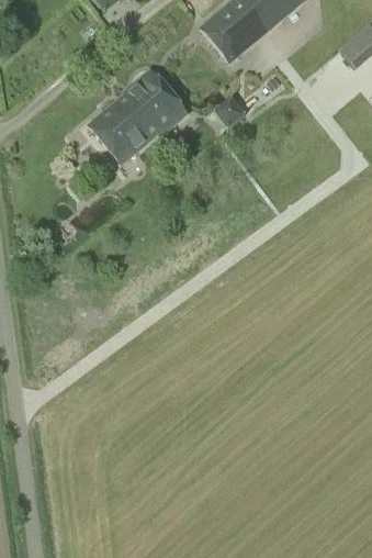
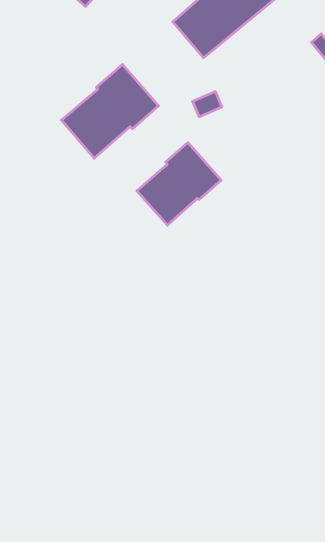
building: none -> [137,143,221,225]

